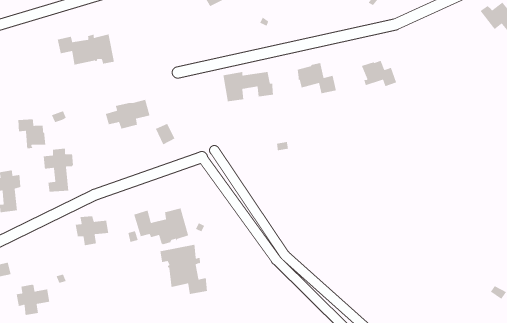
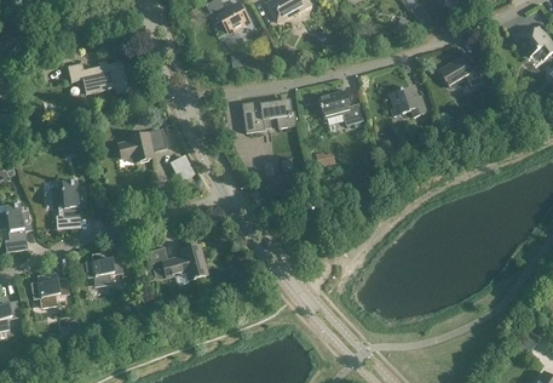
building: none -> [440,57,485,87]
building: [18,118,46,149] -> none
building: [159,244,208,295] -> none
building: [14,284,50,316] -> [29,274,68,308]

